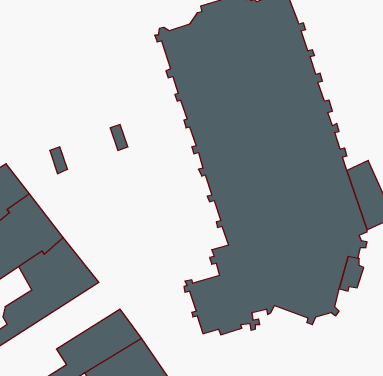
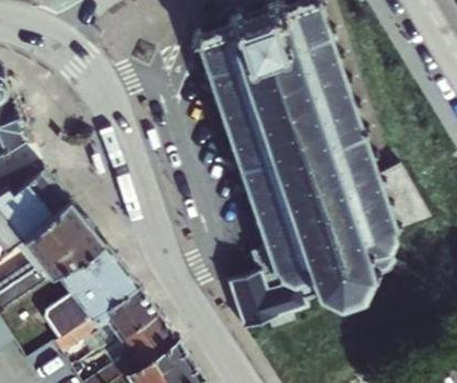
building: none -> [47,286,156,357]

